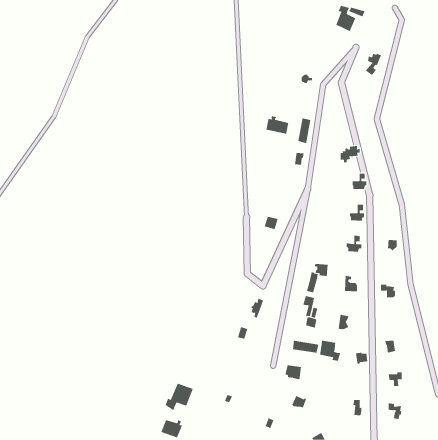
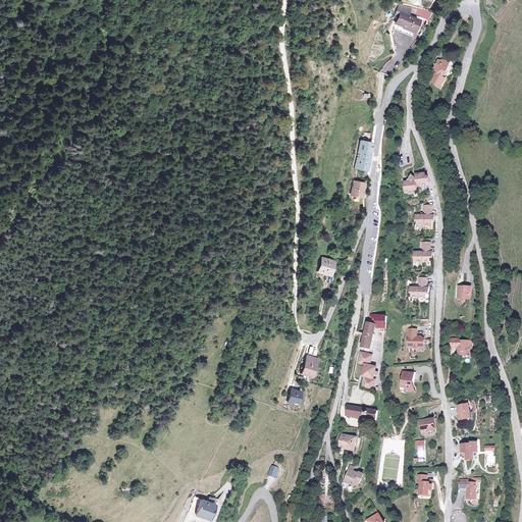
building: [266,115,289,135] -> none
building: [320,340,341,361] -> none
building: [165,383,194,411] -> none

